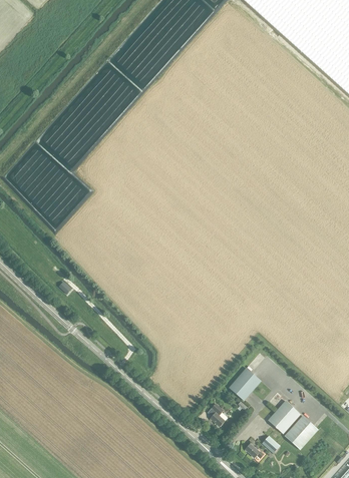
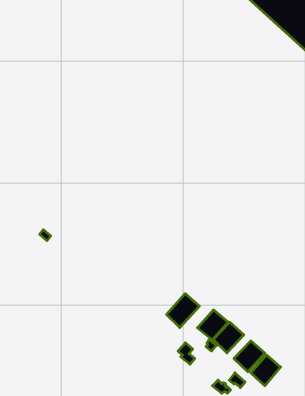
building: none -> [167,294,199,328]
building: none -> [213,322,244,353]

